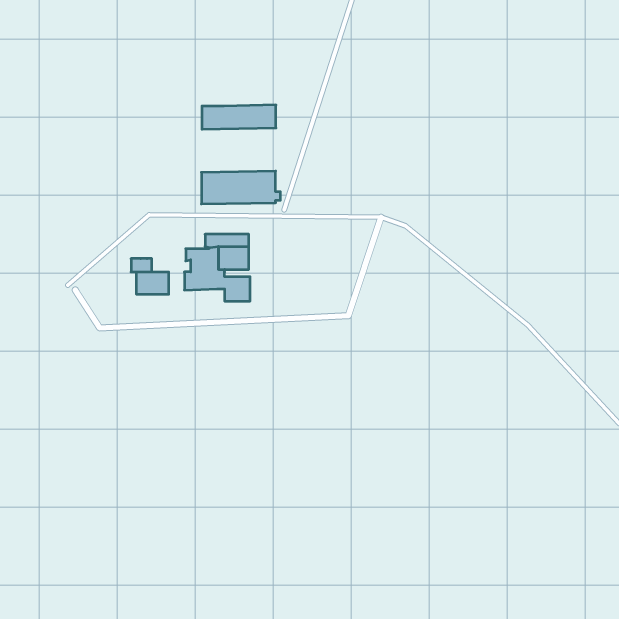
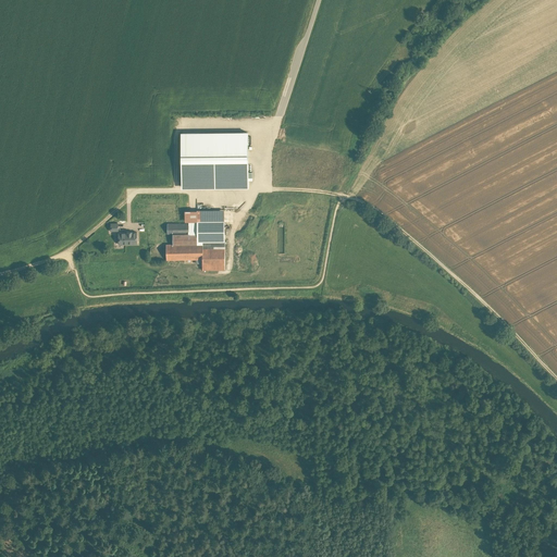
building: [202,105,276,129] -> [181,134,247,156]
building: [137,272,169,294] -> none

